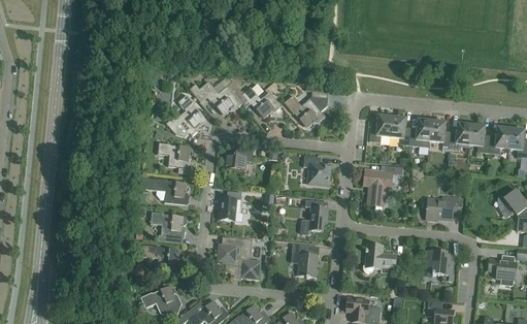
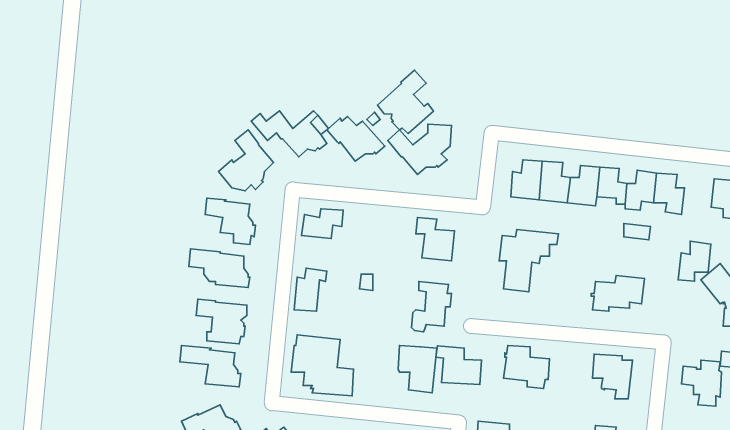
building: none -> [377,70,433,134]
building: [488,126,510,154] -> [678,241,711,281]
building: none -> [436,346,482,384]

